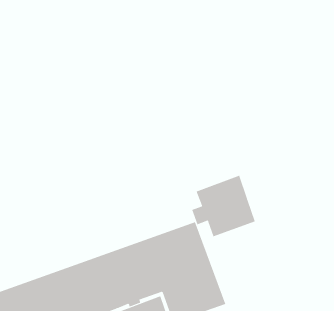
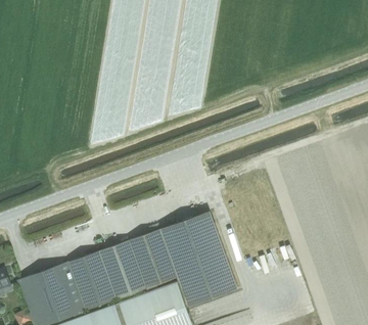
building: [191,175,255,237] -> none

